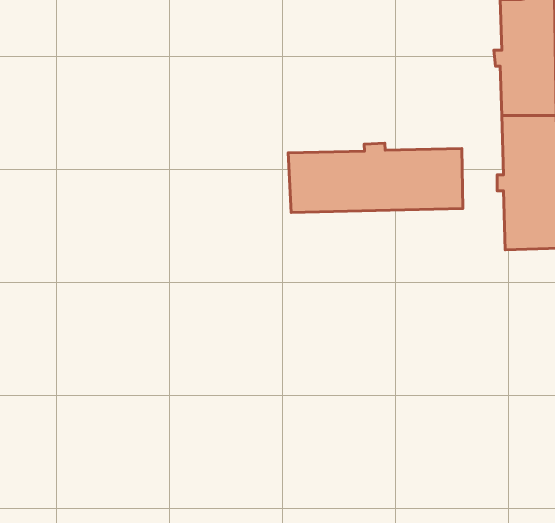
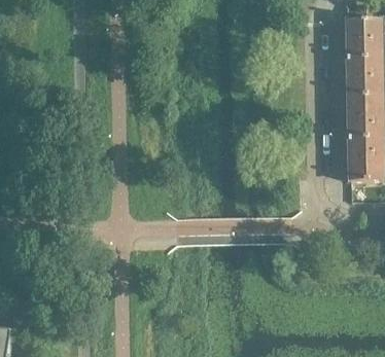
building: [288,143,463,212] -> none

